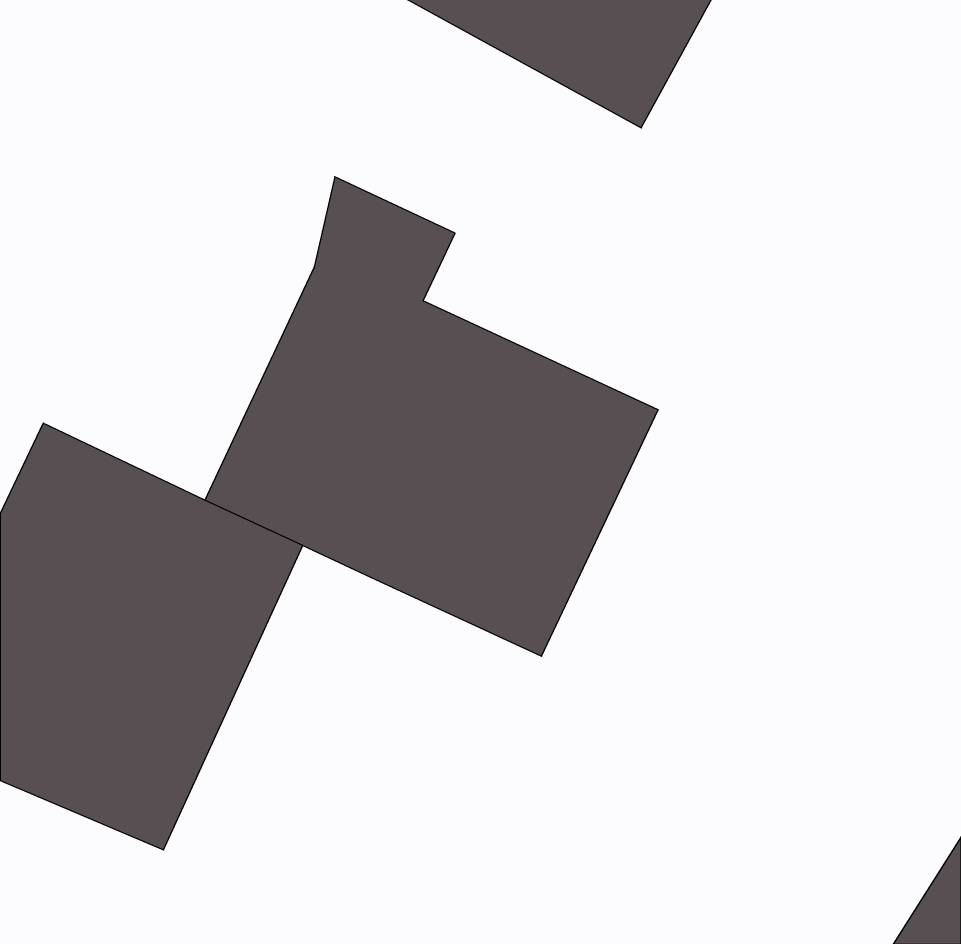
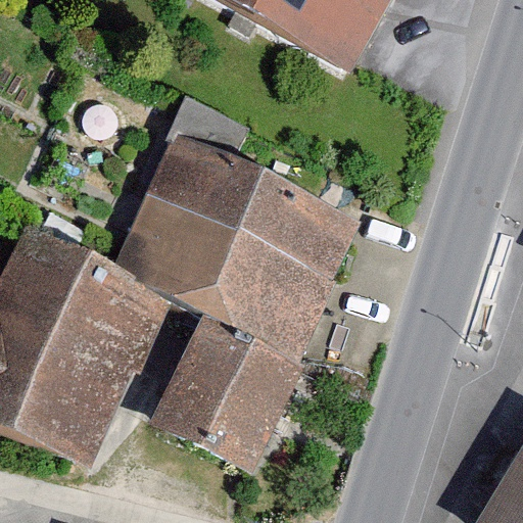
building: none -> [150,314,303,471]

